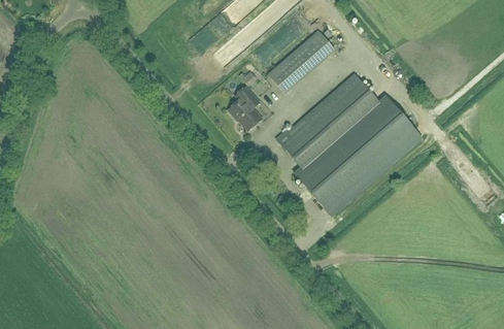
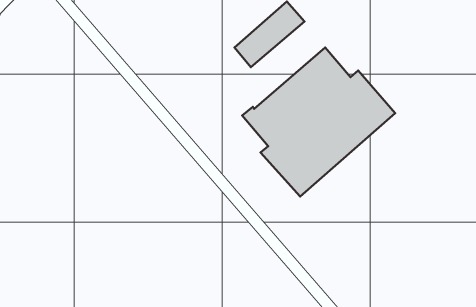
building: [229,87,262,130] -> none

